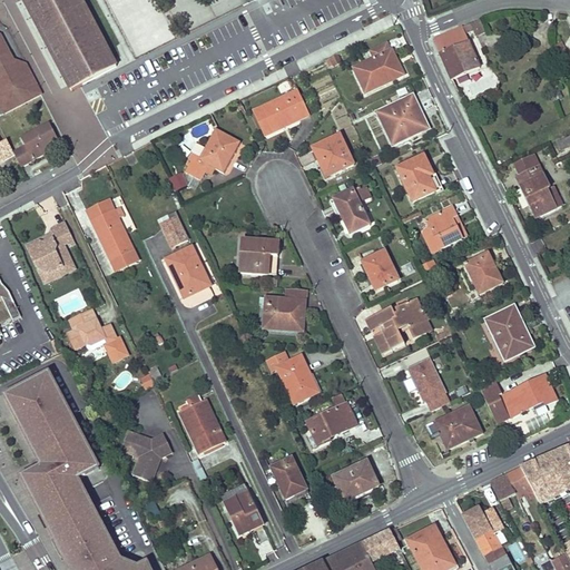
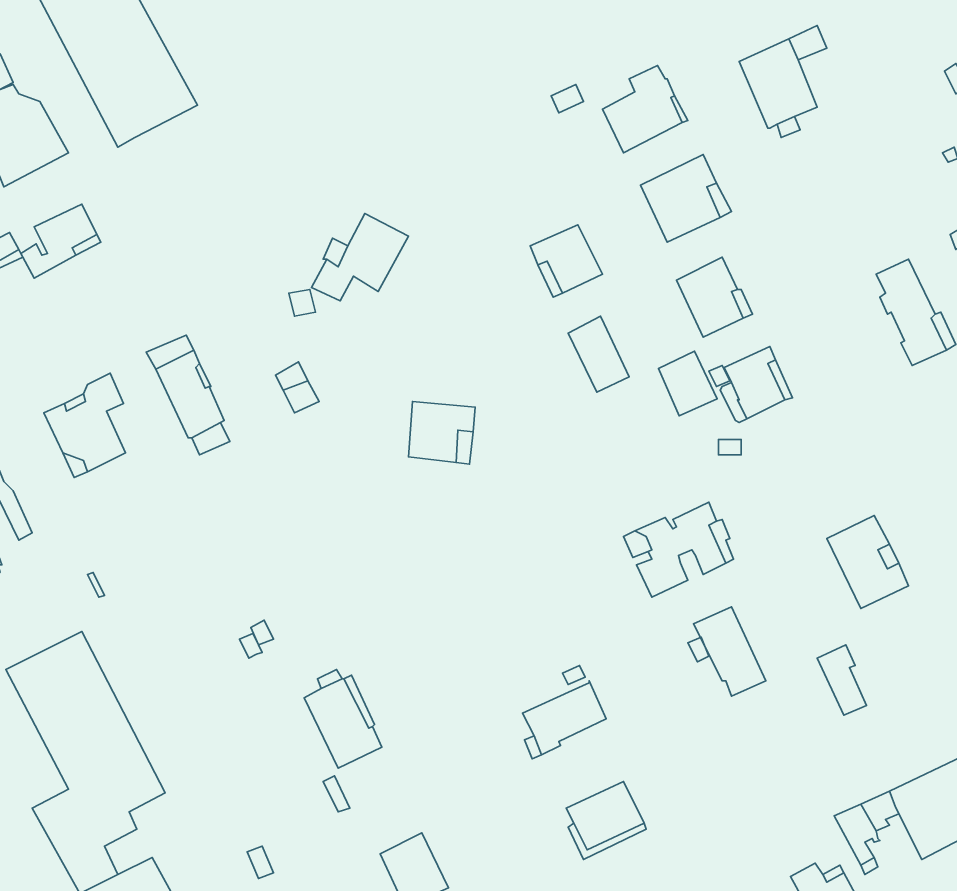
building: [253,89,307,132] -> none
building: [165,245,209,296] -> none
building: [362,249,396,287] -> [658,351,717,416]
building: [463,252,502,293] -> none
building: [262,287,304,328] -> none
building: [66,306,127,360] -> none
building: [266,352,317,402] -> none
building: [501,374,556,414] -> none
building: [425,403,481,448] -> none
building: [120,431,170,480] -> none
building: [269,455,306,498] -> none

